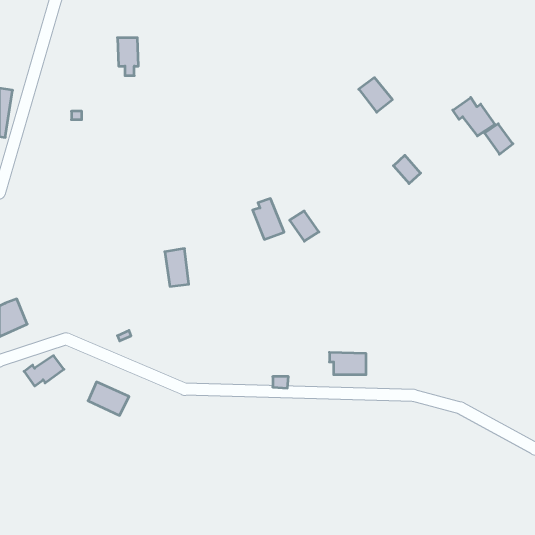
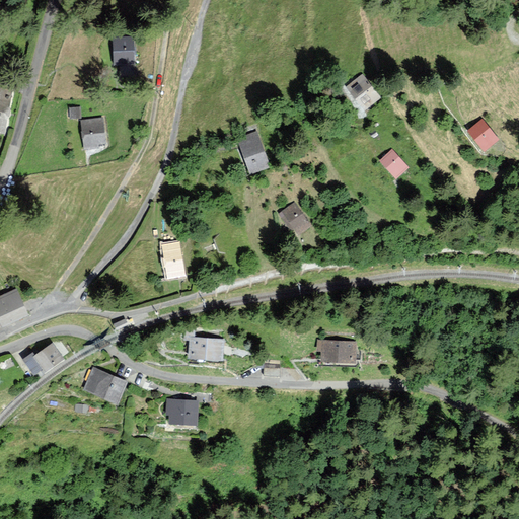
building: [453,97,495,136] -> none
building: none -> [81,118,103,146]
building: [253,199,284,239] -> [238,132,269,171]
building: none -> [184,328,222,358]
building: none -> [166,399,196,423]

